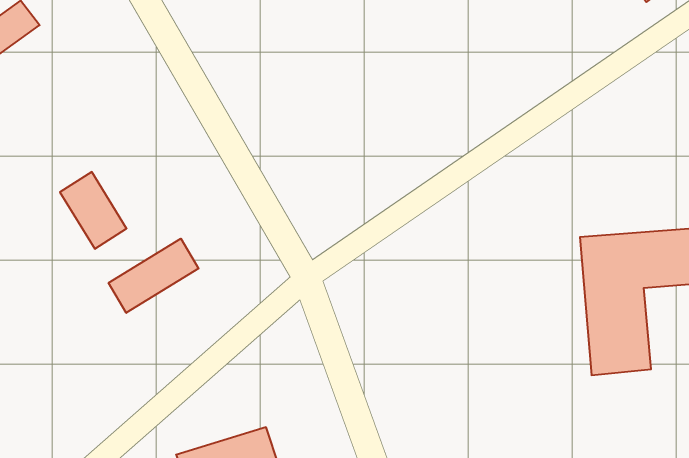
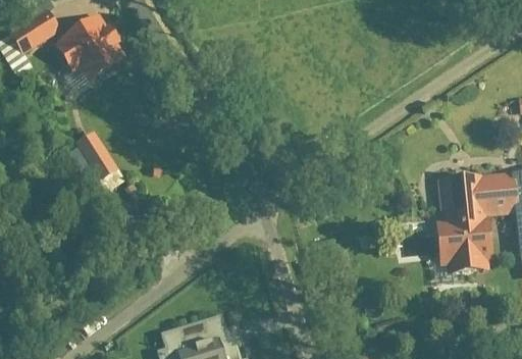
building: none -> [58,18,119,88]
building: [109,239,199,313] -> none

